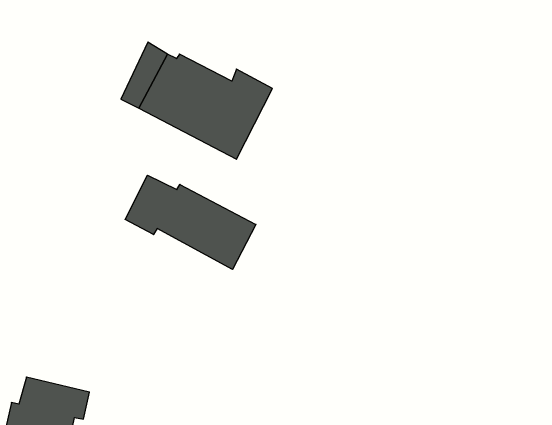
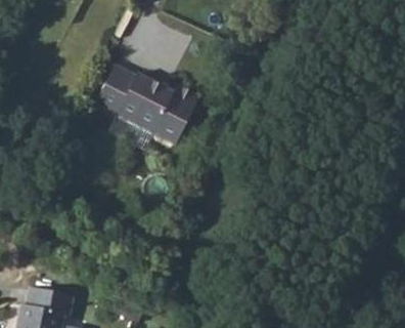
building: [125,175,256,269] -> none

